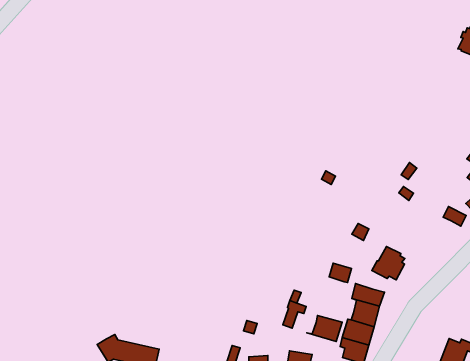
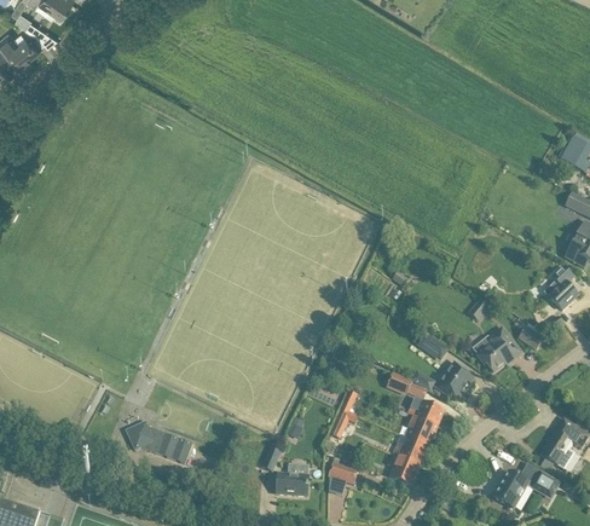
building: none -> [473,329,522,374]
building: [307,315,342,341] -> none

